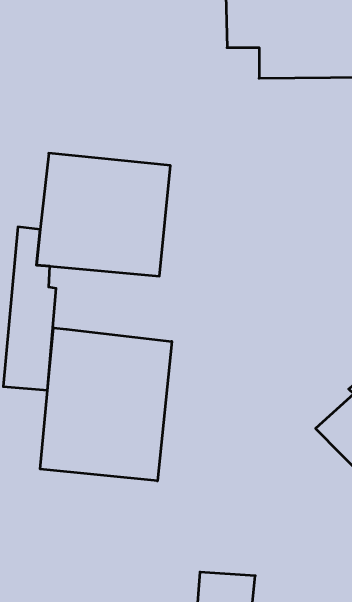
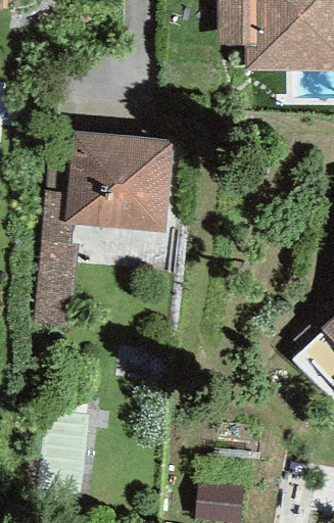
building: [40,328,172,481] -> none

